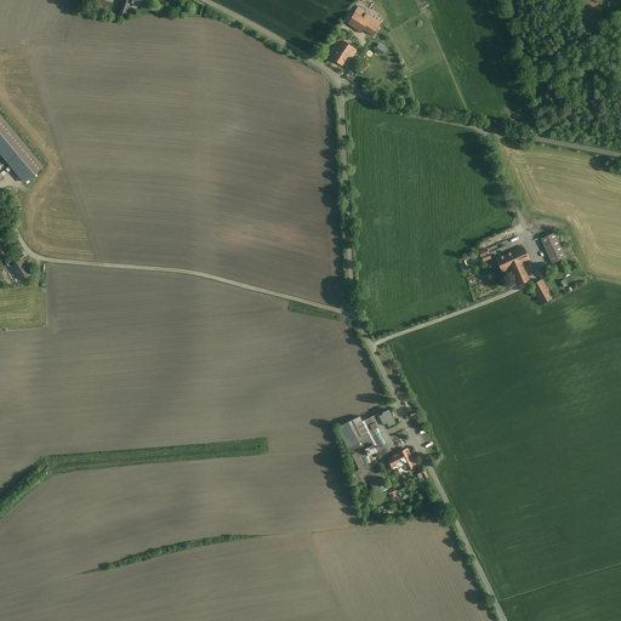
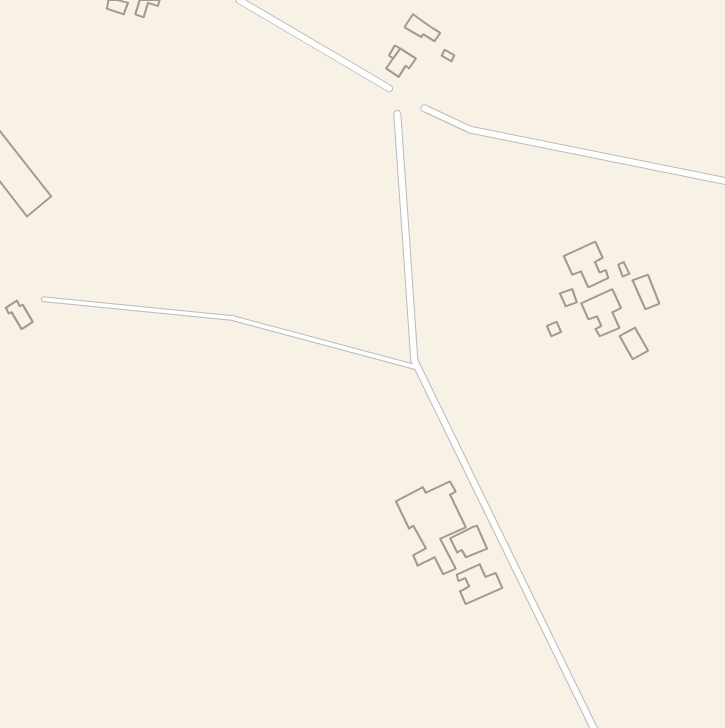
building: none -> [564,242,608,287]
building: none -> [457,564,502,604]

